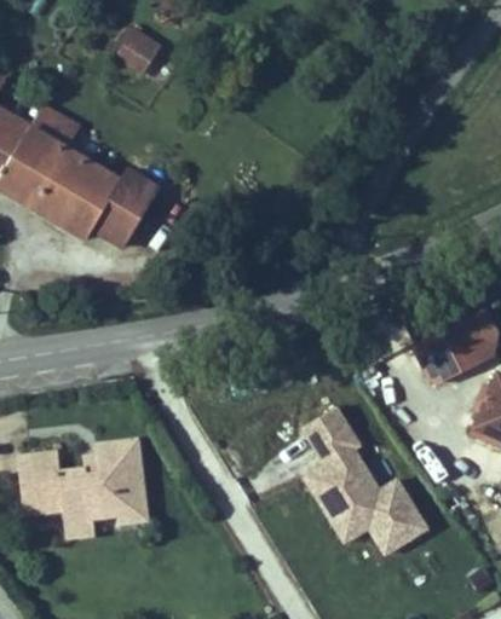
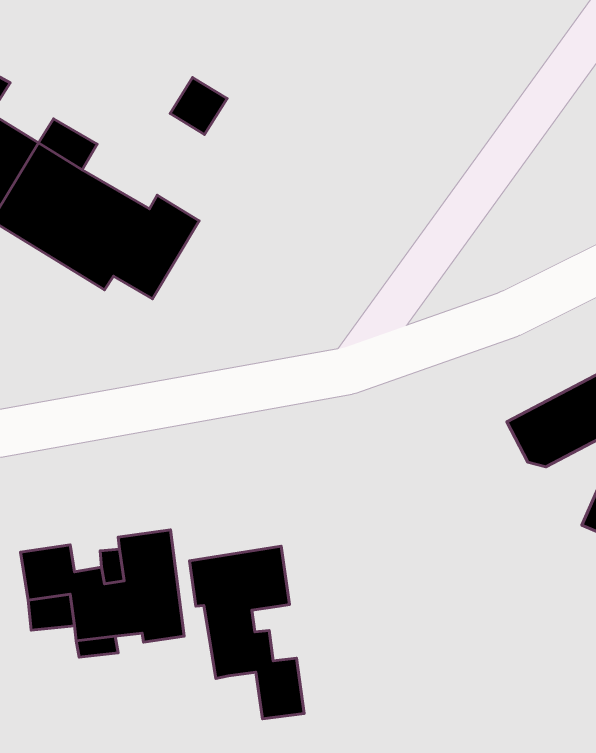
building: [114,25,160,71] -> [170,77,227,134]
building: [300,409,425,553] -> none
building: none -> [190,546,304,719]

